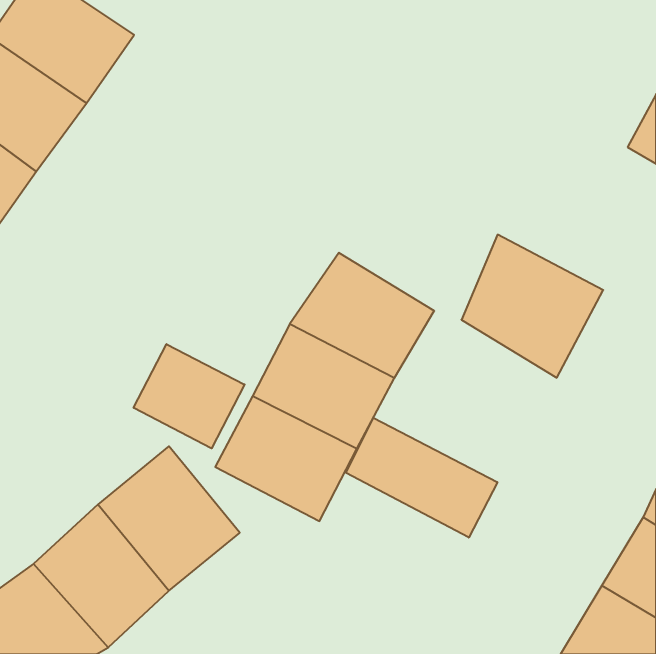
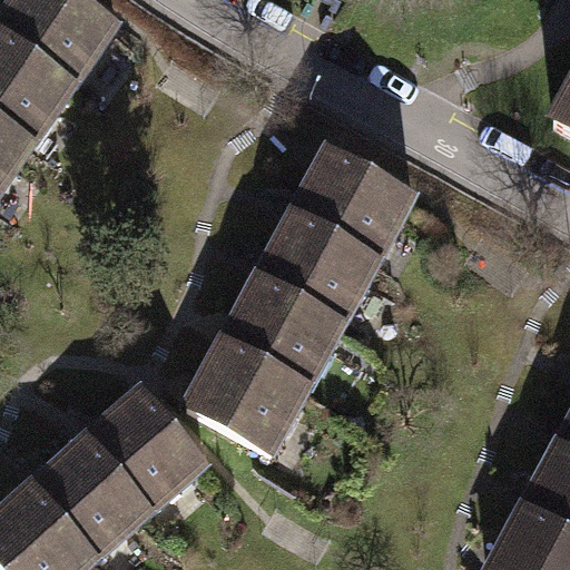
building: [461,235,603,378] -> [293,145,415,268]
building: [134,344,245,448] -> none
building: [346,418,497,538] -> none

